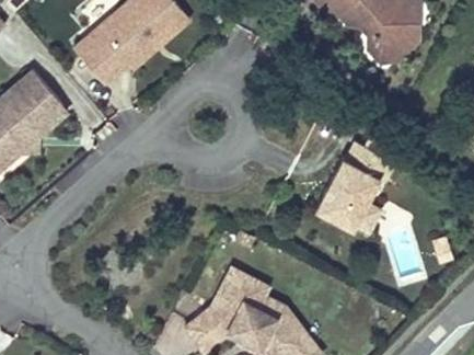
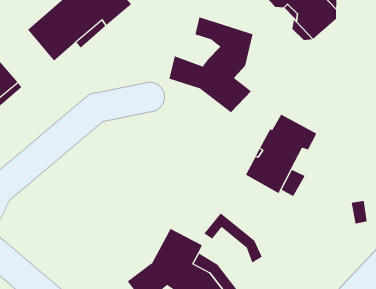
building: none -> [169,16,253,113]
building: none -> [204,213,262,263]

